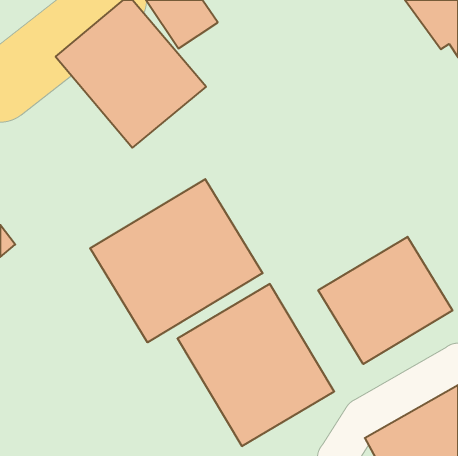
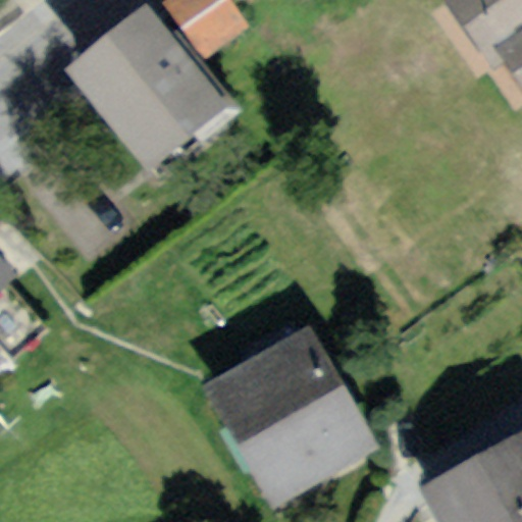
building: [90,179,263,342] -> none
building: [318,237,452,364] -> none

